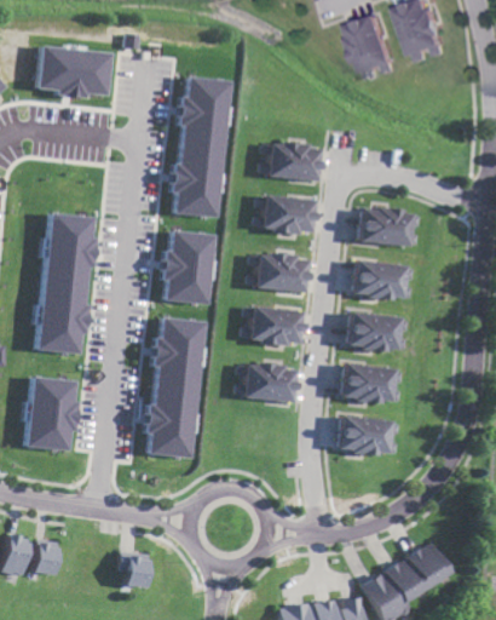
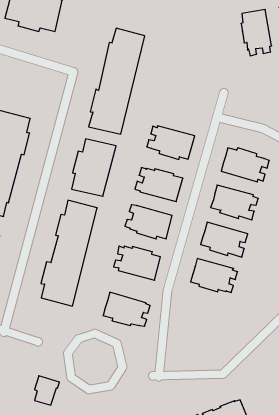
building: [260,142,321,182] -> none
building: [339,414,399,454] -> [103,292,150,326]
building: [117,551,149,587] -> [35,376,59,405]

